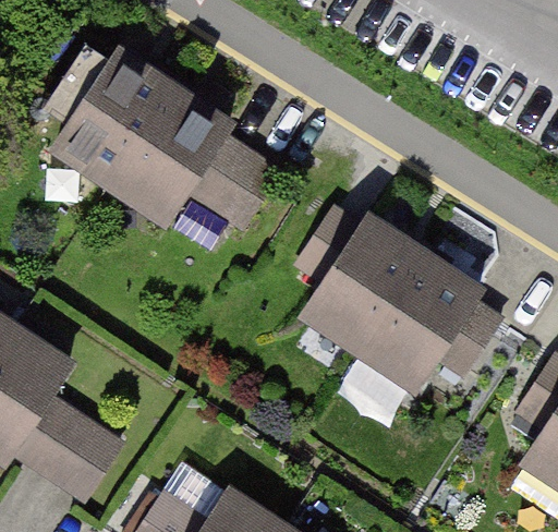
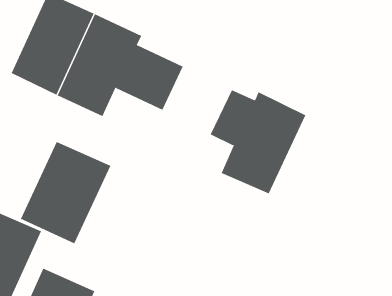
building: none -> [20,141,111,244]
building: [362,257,500,388] -> none

